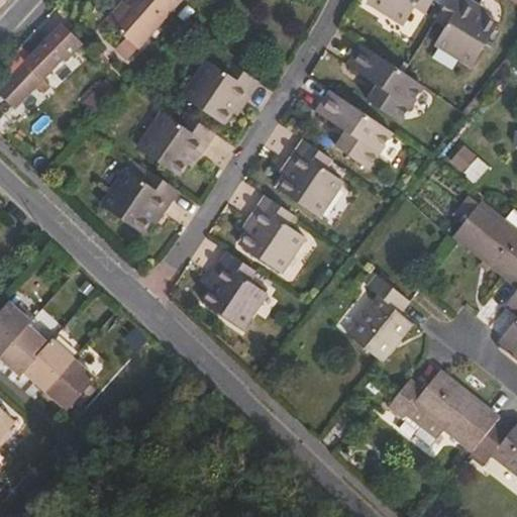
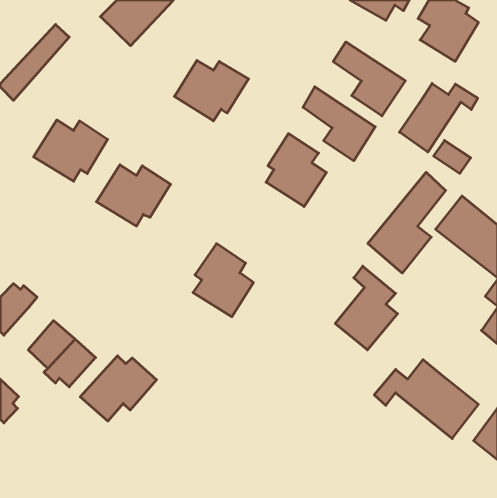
building: none -> [399,83,478,152]
building: [137,113,214,177] -> [34,120,108,181]
building: none -> [368,172,446,273]
building: [239,196,302,272] -> none
building: [5,318,54,367] -> none
building: none -> [80,356,157,421]

